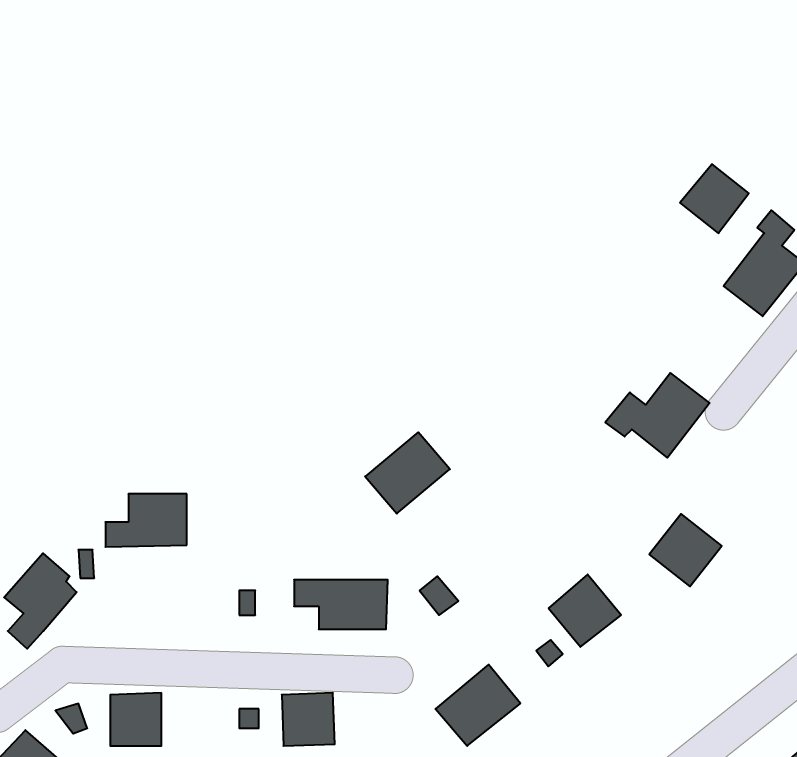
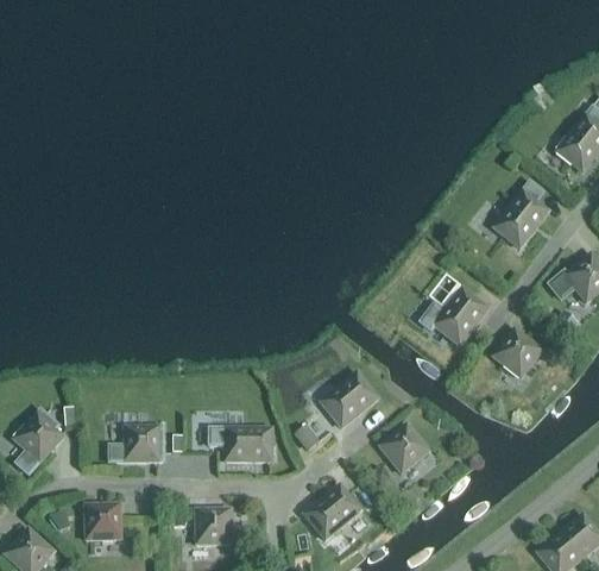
building: [680,164,749,233] -> none
building: [365,432,450,514] -> [320,372,377,427]
building: [105,494,187,547] -> [108,426,163,462]
building: [649,514,722,586] -> [492,328,541,377]

